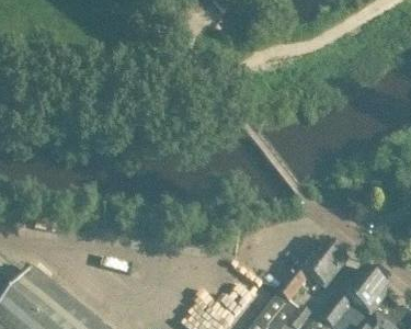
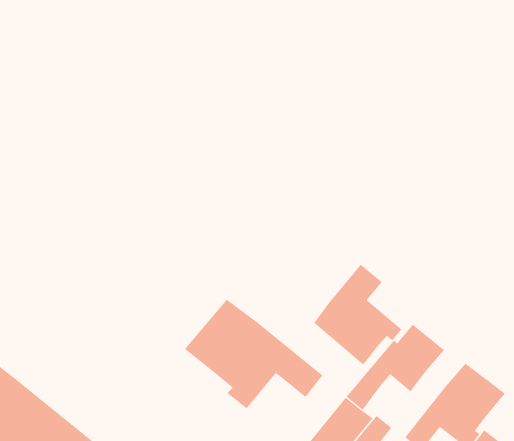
building: none -> [314,264,402,365]
building: none -> [184,299,323,409]

